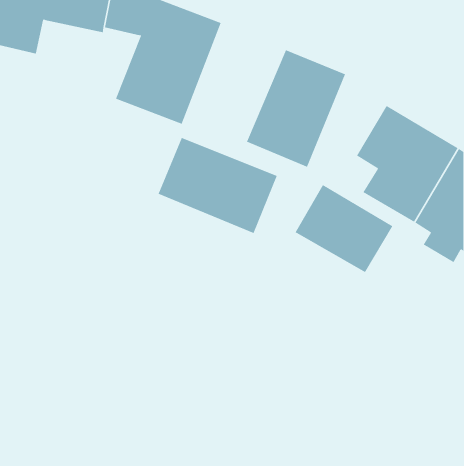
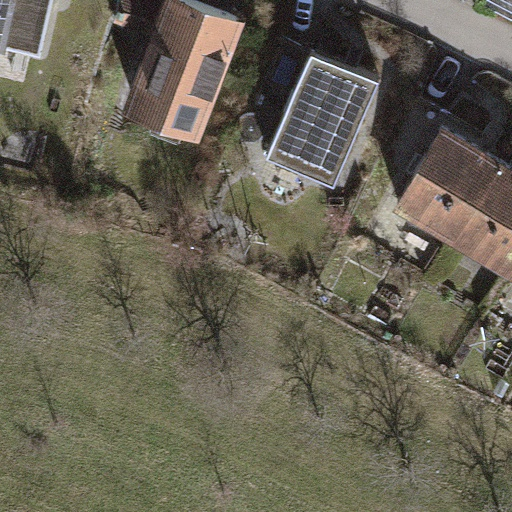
building: [158,137,278,234] -> none
building: [295,184,393,273] -> none

